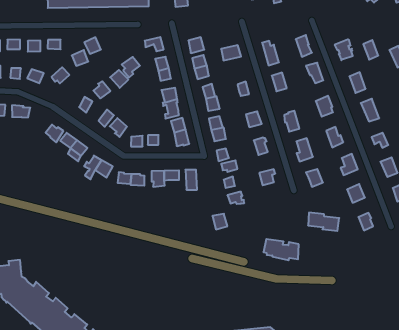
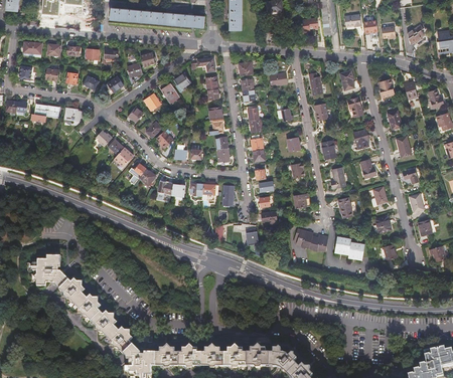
building: [263,239,299,260] -> [293,228,327,250]

